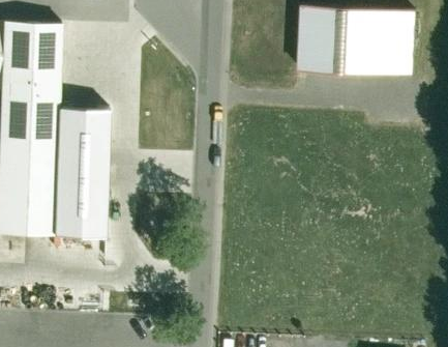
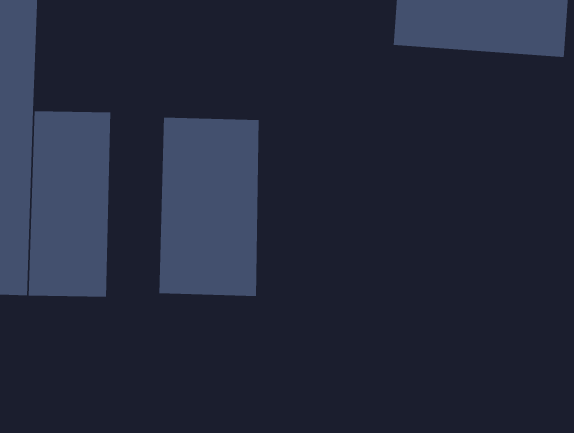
building: none -> [159,117,259,297]

